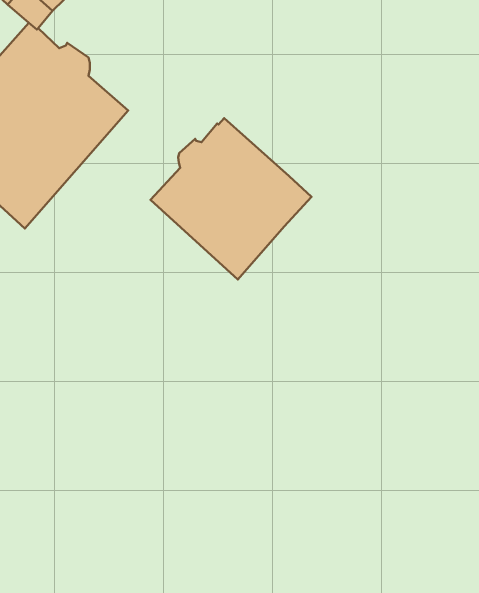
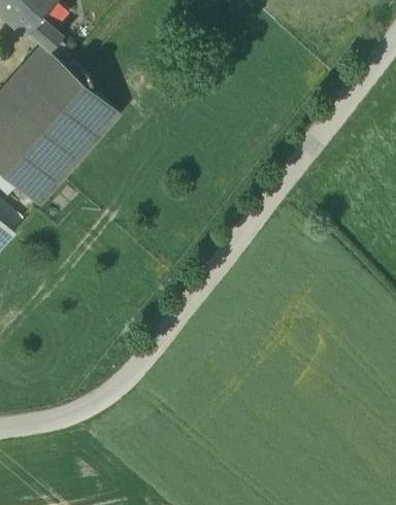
building: [151,118,312,280] -> none

